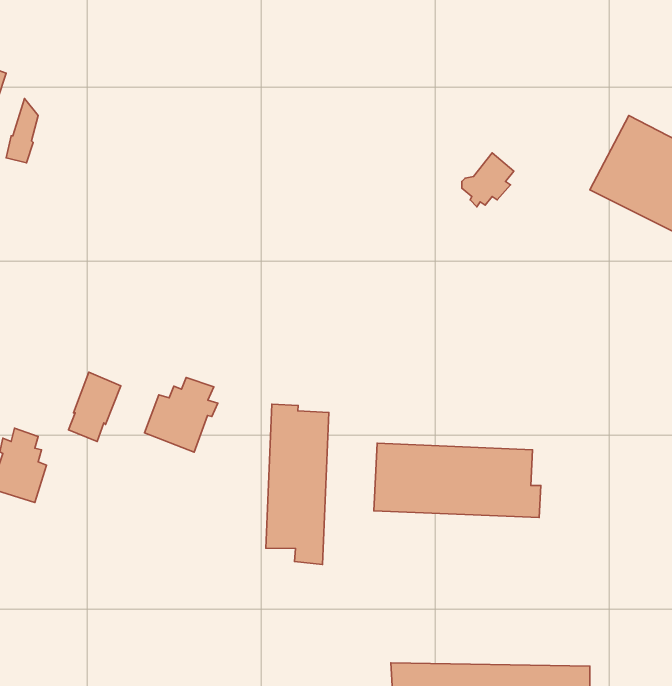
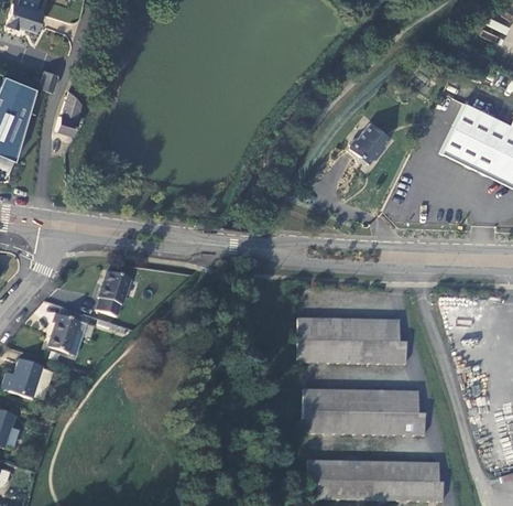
building: [145,377,218,452] -> none
building: [266,404,329,564] -> none
building: none -> [306,388,427,437]

